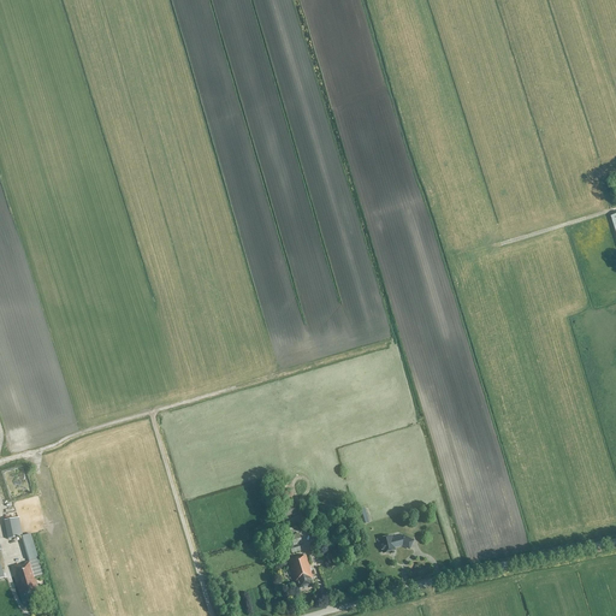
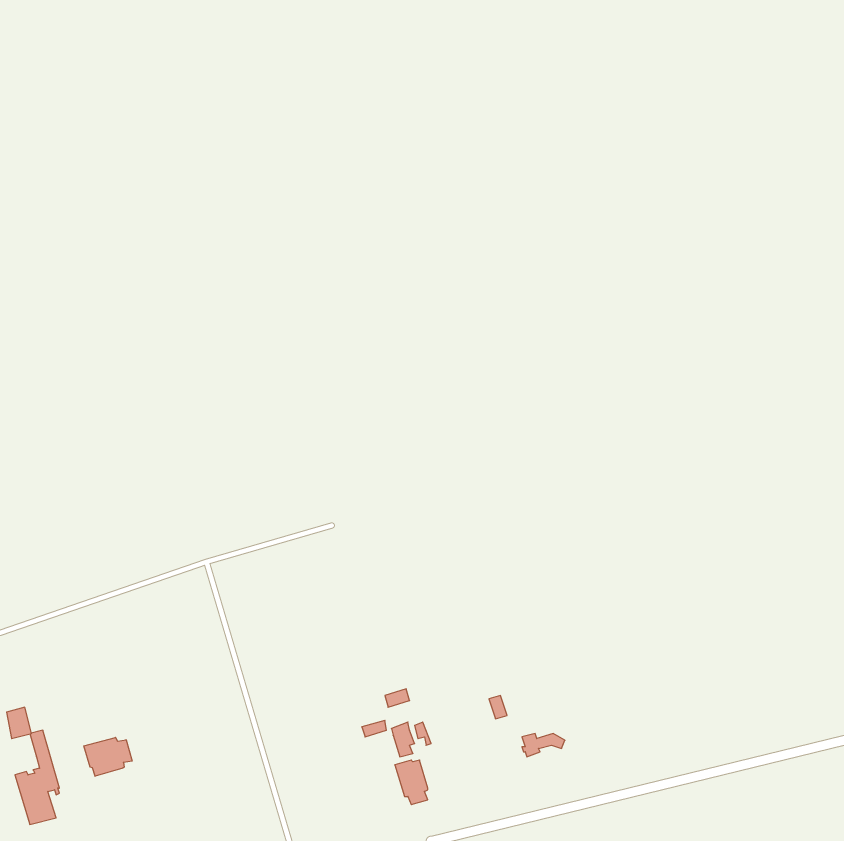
building: none -> [84,737,132,776]

